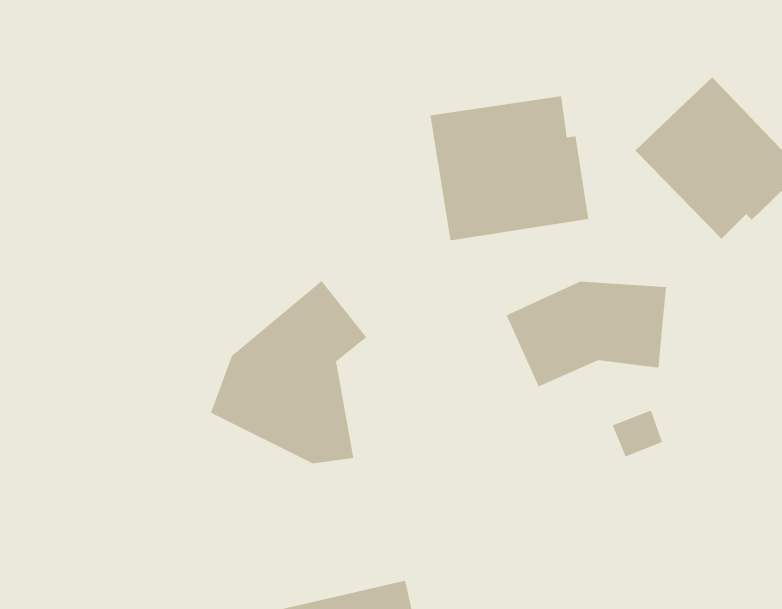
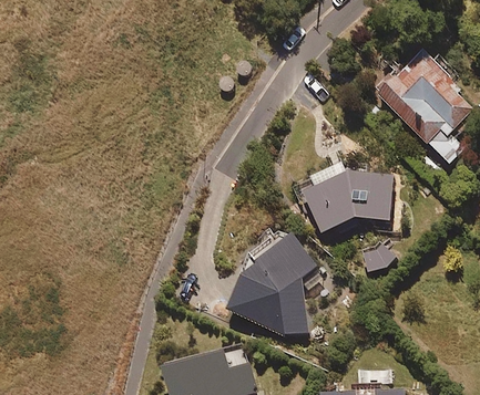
building: [430,96,589,241] -> none
building: [210,280,367,464] -> [226,230,318,337]

